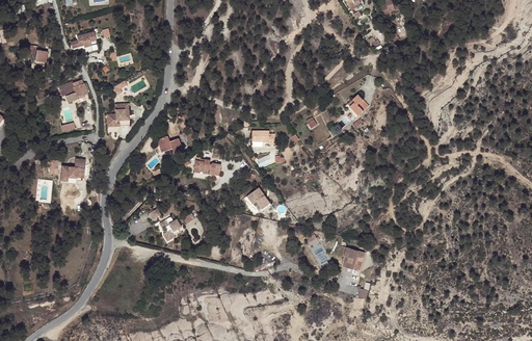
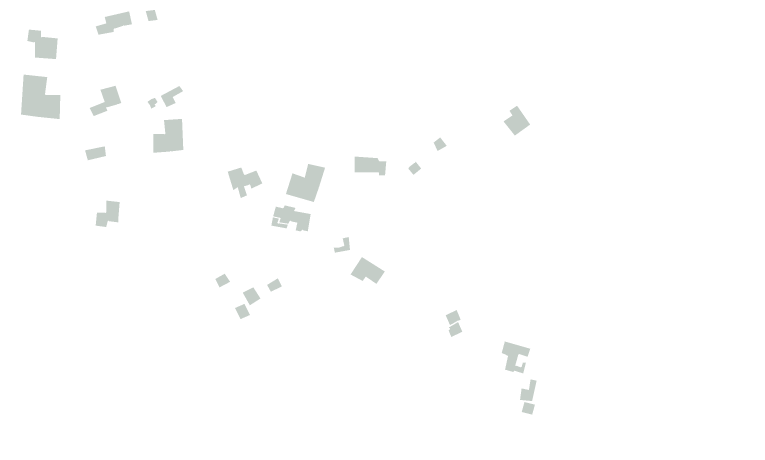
building: none -> [20,74,61,120]
building: none -> [285,163,326,203]

